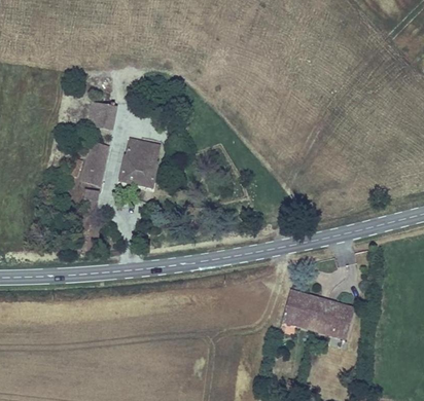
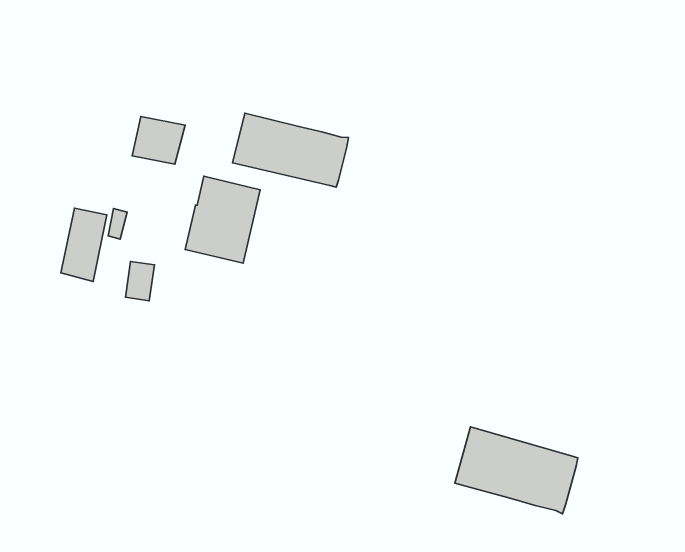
building: none -> [232,113,349,187]
building: [80,140,108,184] -> [61,208,107,282]

